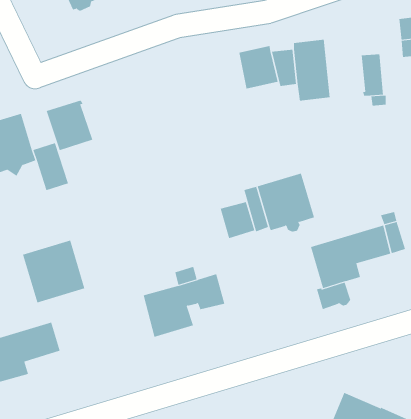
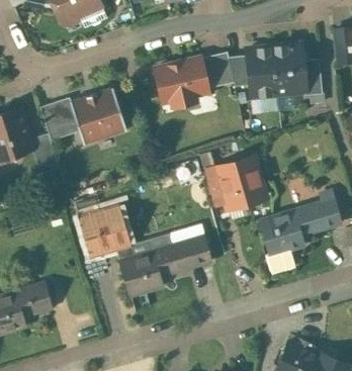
building: none -> [272,44,305,96]
building: none -> [155,59,206,106]
building: none -> [69,88,126,145]
building: [220,201,255,239] -> [182,237,211,268]
building: [22,240,85,303] -> [78,205,130,258]

